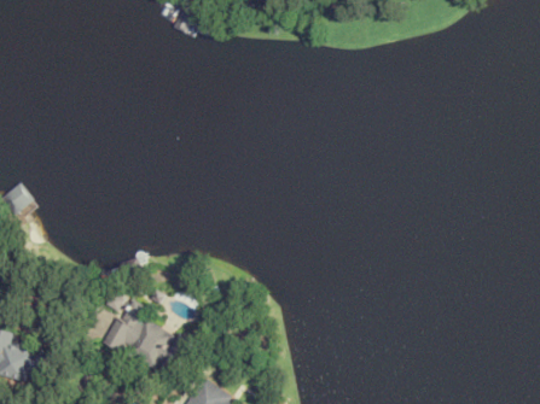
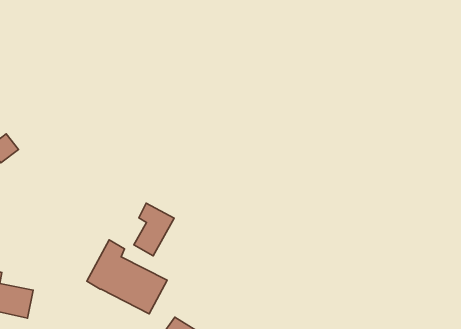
building: none -> [134,203,174,256]

